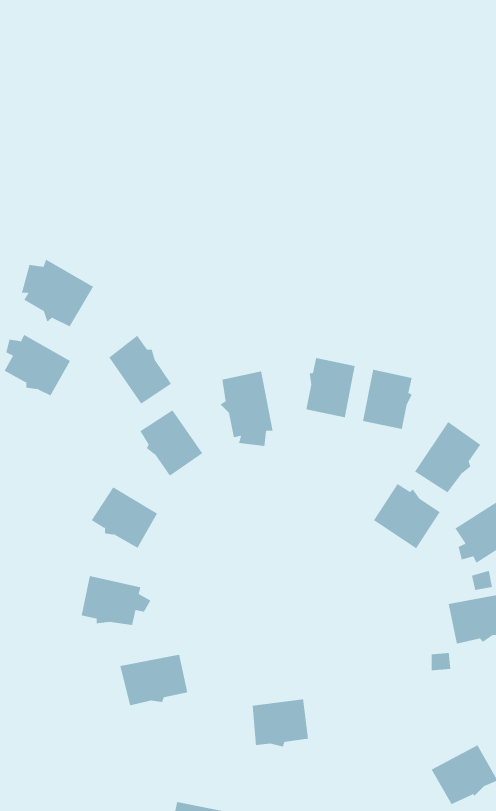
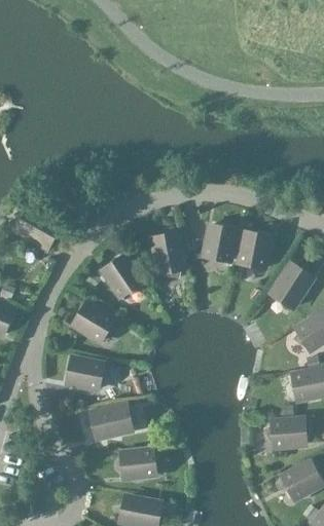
building: [21,259,94,327] -> none
building: [108,335,172,404] -> none
building: [373,483,441,549] -> none
building: none -> [264,420,305,449]
building: [252,699,309,747] -> [120,450,155,480]

